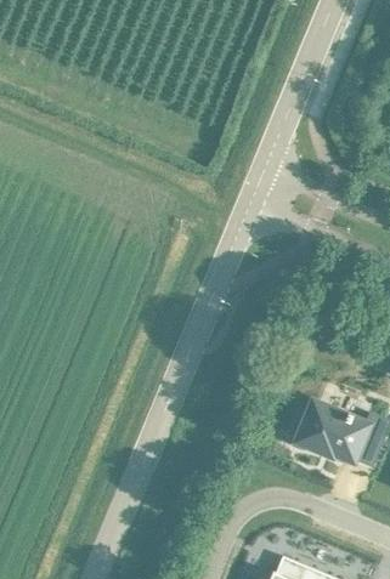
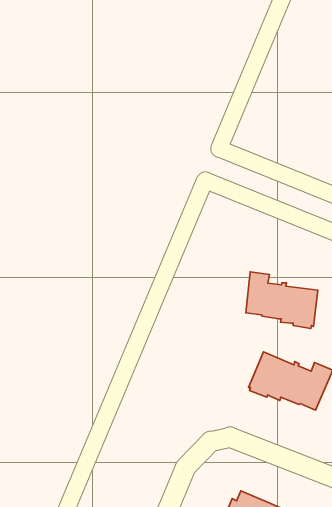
building: none -> [246,272,318,329]

